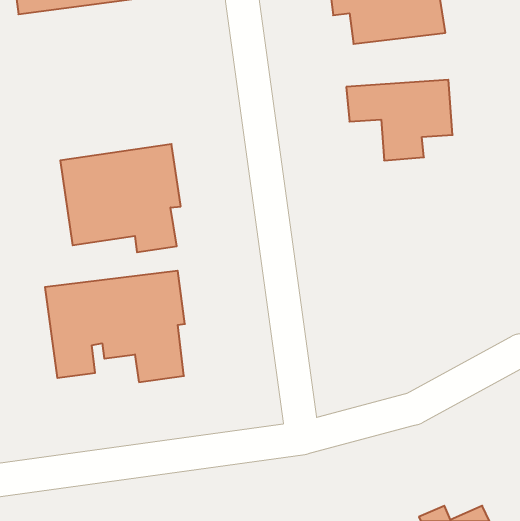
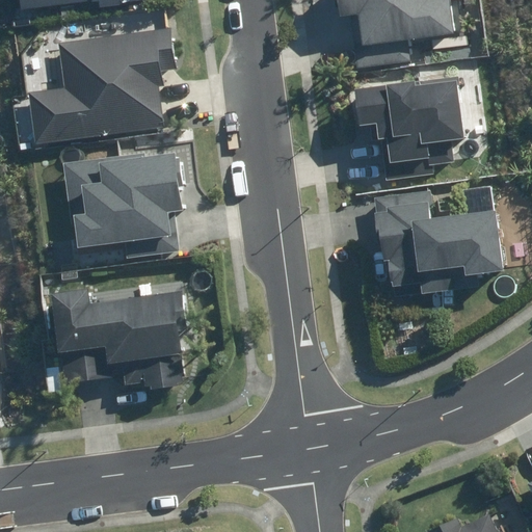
building: none -> [25,29,176,144]
building: none -> [372,189,501,276]

